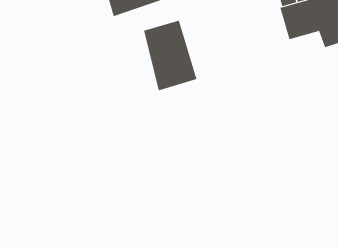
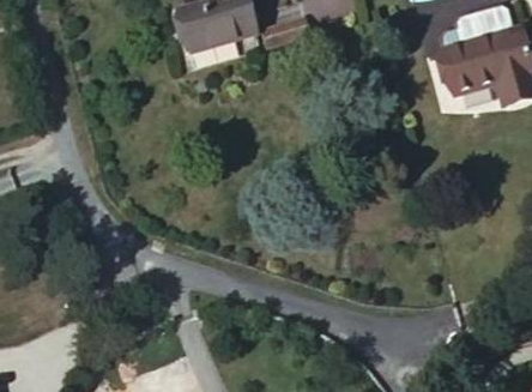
building: [143,20,197,91] -> none

